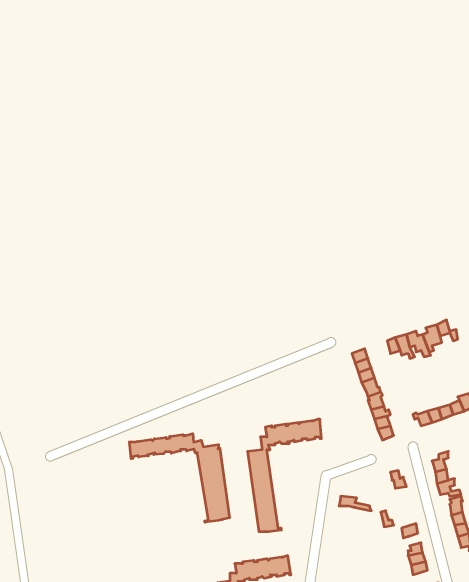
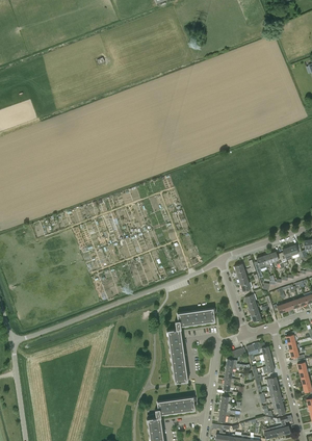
building: [129,434,230,522] -> none

